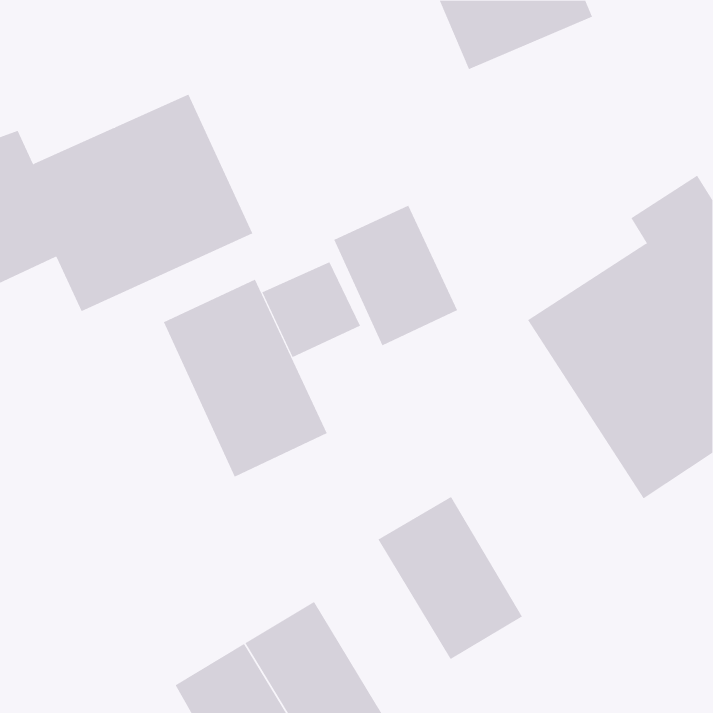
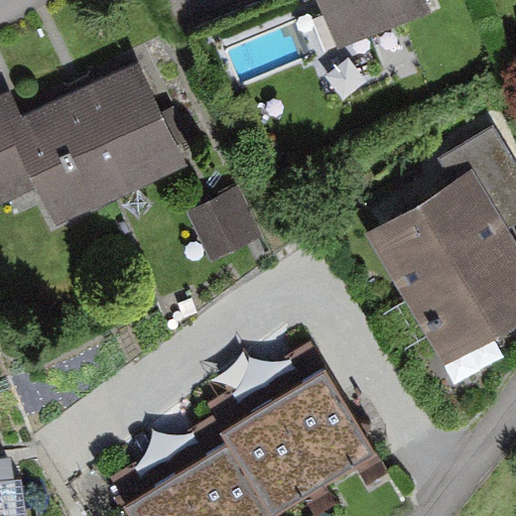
building: [334,205,458,346] -> none
building: [163,279,328,478] -> none
building: none -> [220,390,325,508]

